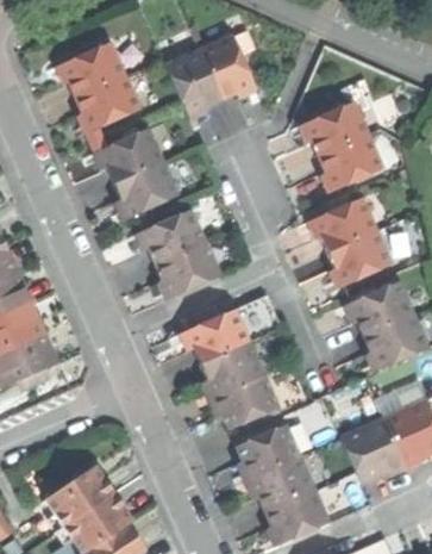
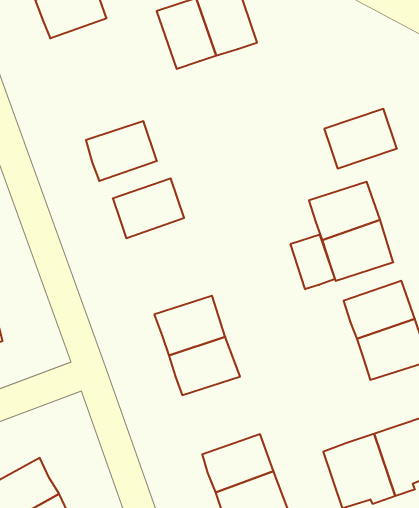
building: [75,75,137,130] -> none
building: [305,102,369,156] -> none
building: [98,129,162,182] -> none
building: [155,243,218,297] -> none
building: none -> [291,234,335,289]
building: [214,376,277,430] -> none

